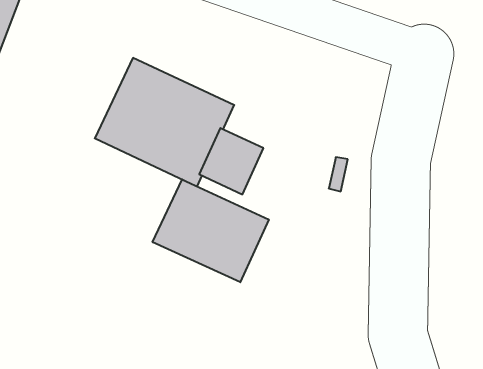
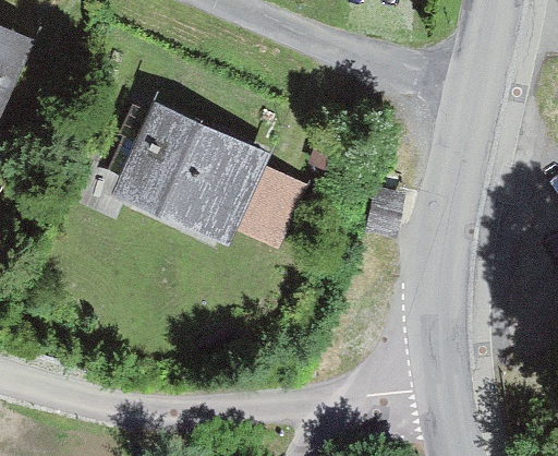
building: [153,179,269,282] -> none

